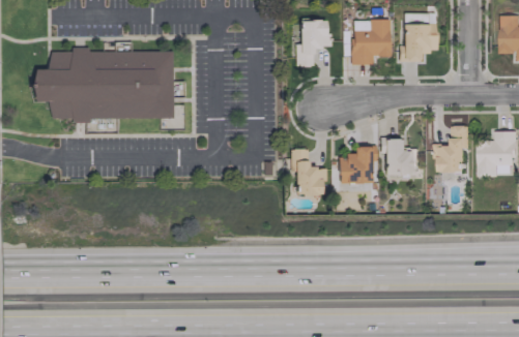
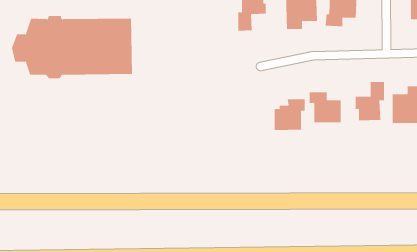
building: [291,149,327,194] -> none

